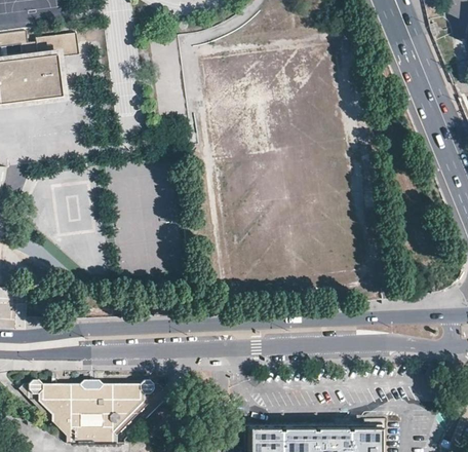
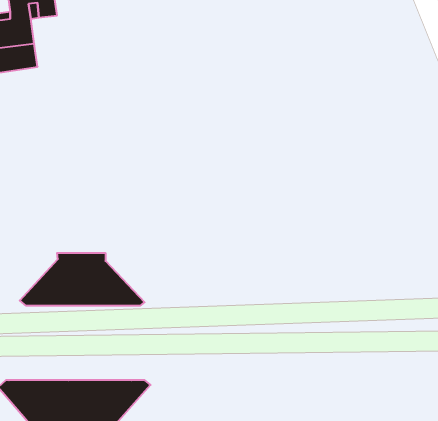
building: none -> [20,253,145,306]

